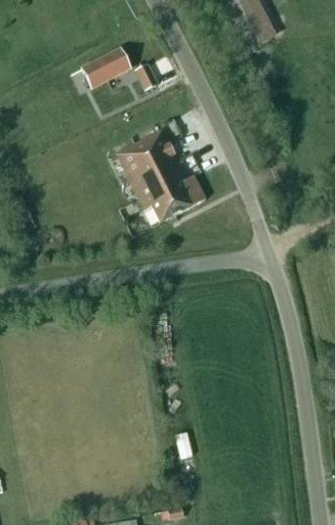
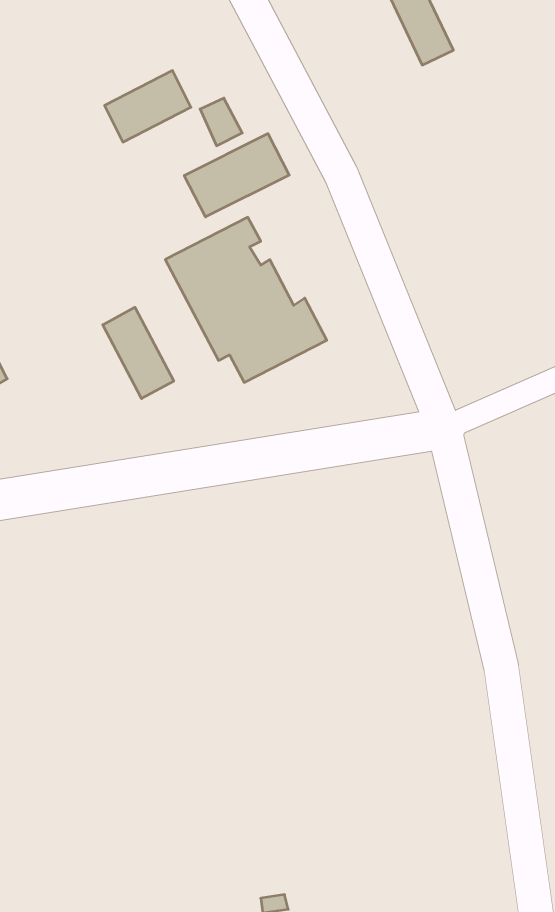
building: none -> [184,134,289,217]
building: none -> [103,307,174,399]

